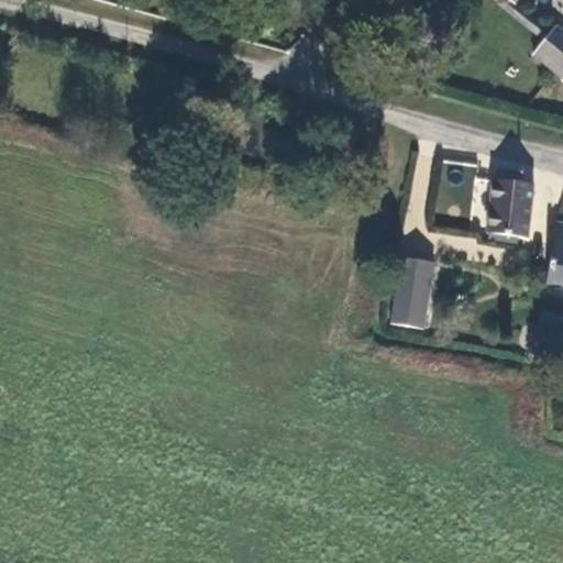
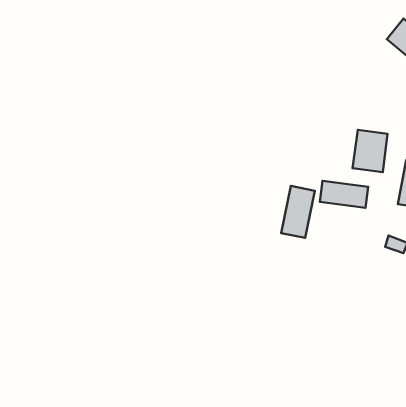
building: none -> [320,181,368,208]

